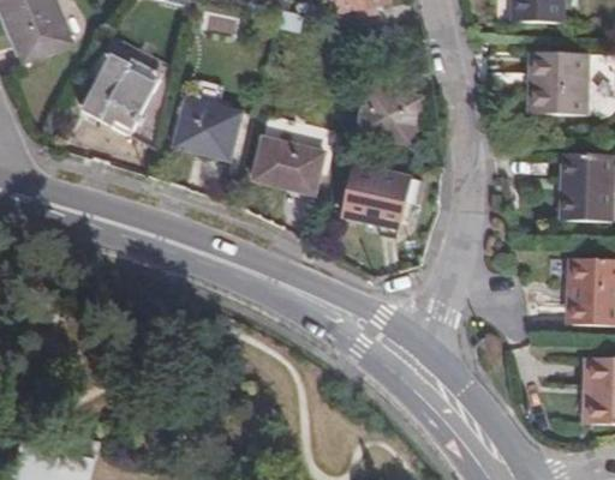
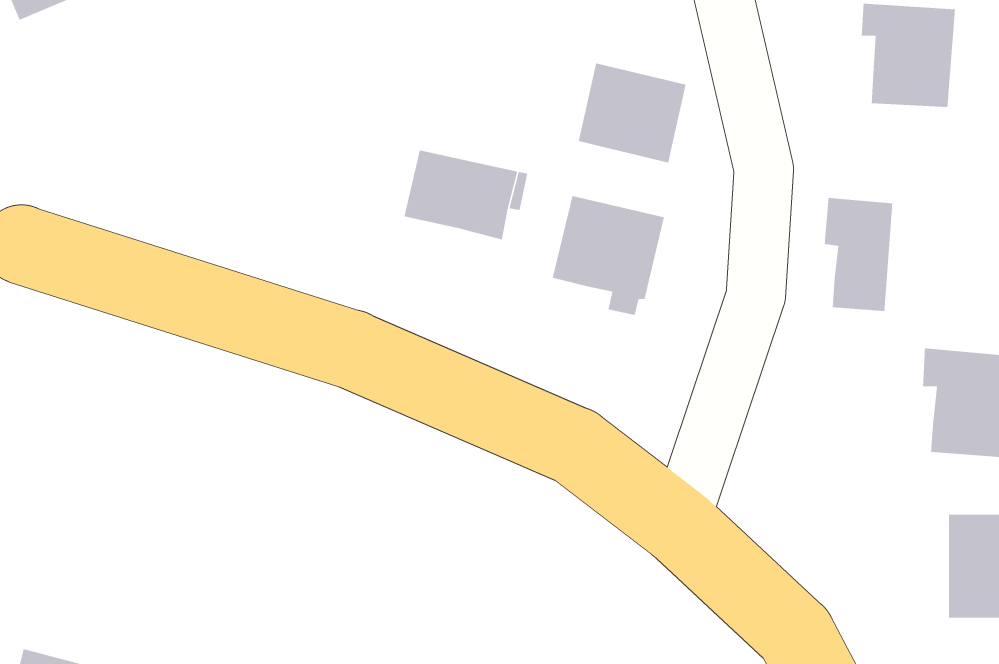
building: [82,54,167,148] -> none
building: [172,97,239,157] -> none
building: [566,151,608,221] -> [824,197,893,312]

